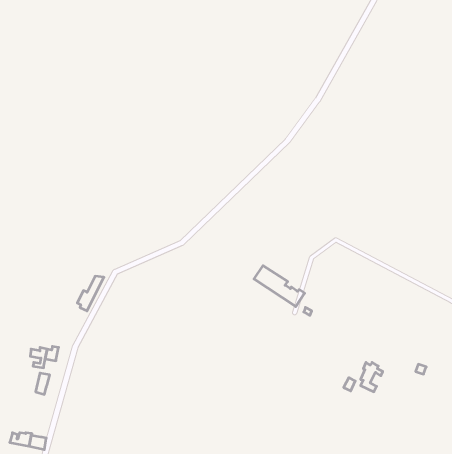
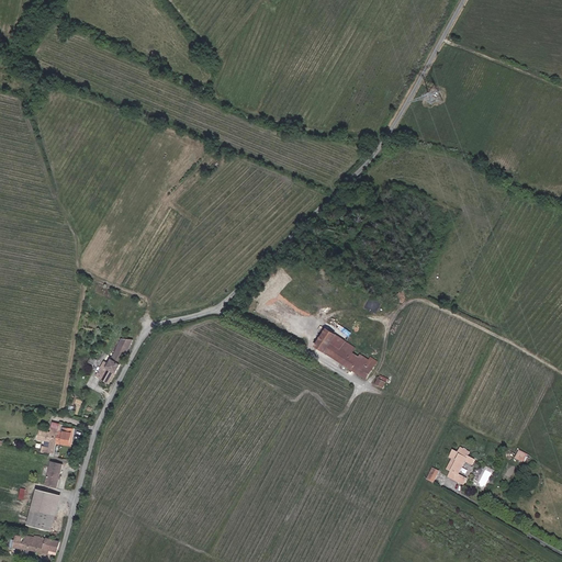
building: none -> [25,490,58,531]

